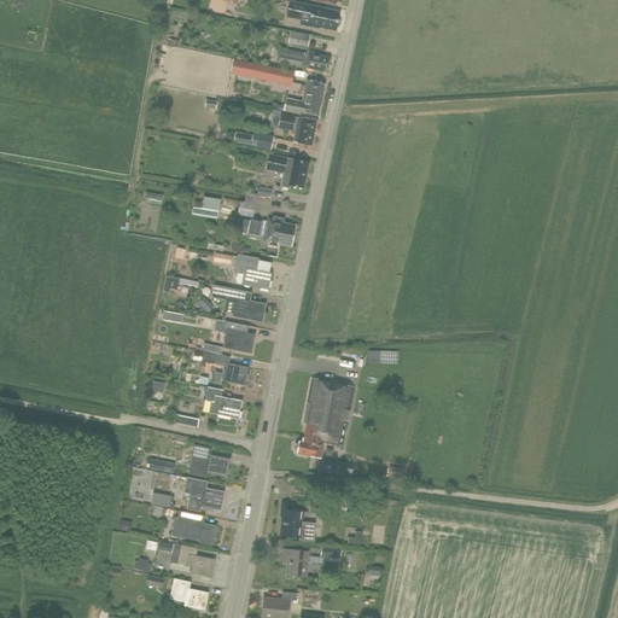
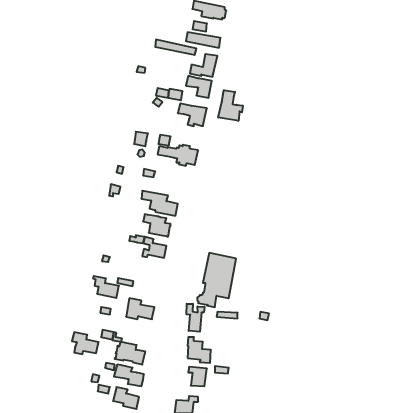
building: none -> [218,90,243,121]
building: [234,255,272,290] -> none
building: [203,386,241,419] -> [93,276,119,298]
building: none -> [187,304,204,332]
building: [183,478,223,511] -> [72,332,99,354]

